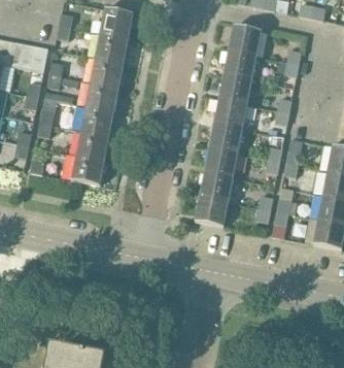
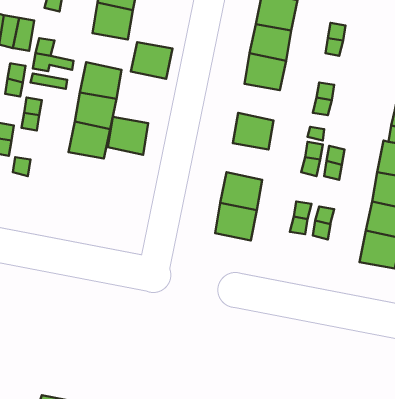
building: [90,57,124,87] -> [131,42,173,79]
building: [213,98,247,128] -> none
building: [204,146,238,176] -> none
building: [71,154,104,185] -> [108,117,148,155]

